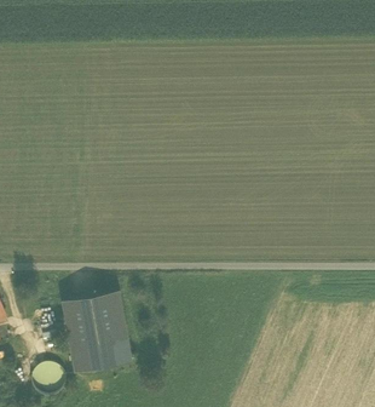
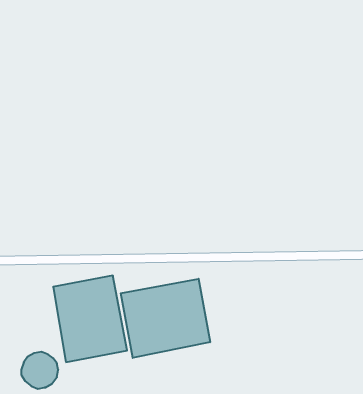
building: none -> [121,279,210,358]

